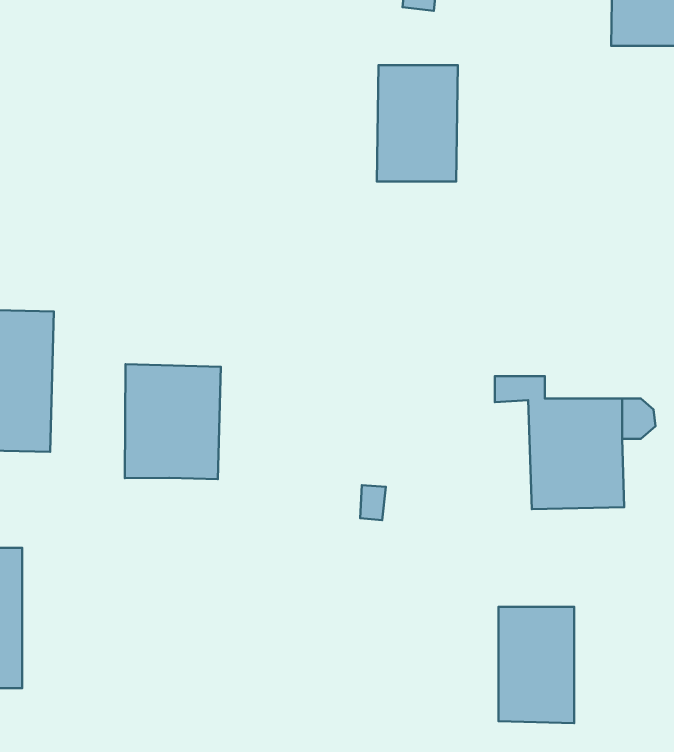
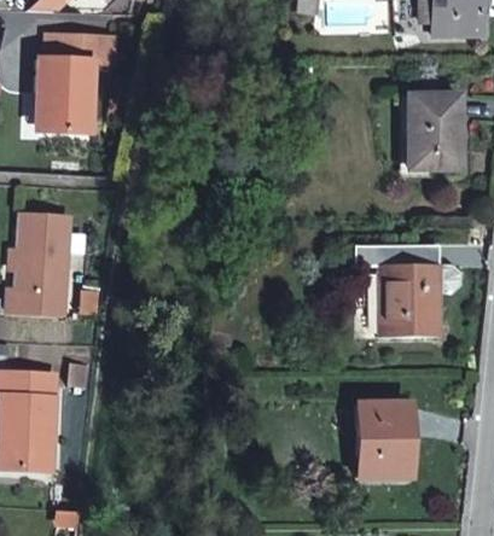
building: none -> [41,49,97,122]
building: [377,65,458,181] -> [407,92,460,168]
building: [125,364,221,479] -> none

